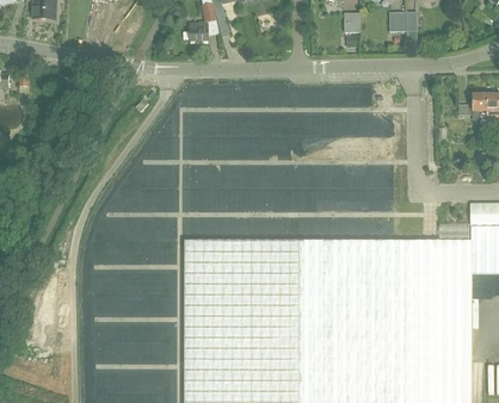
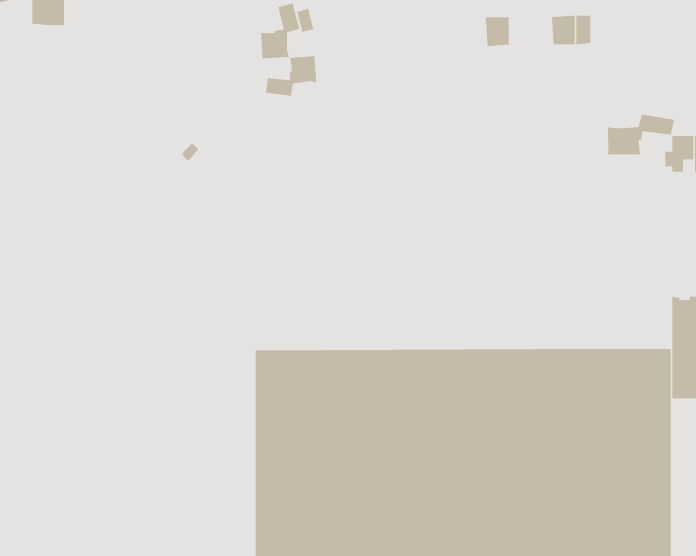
building: none -> [266,55,317,97]
building: none -> [608,114,675,155]

